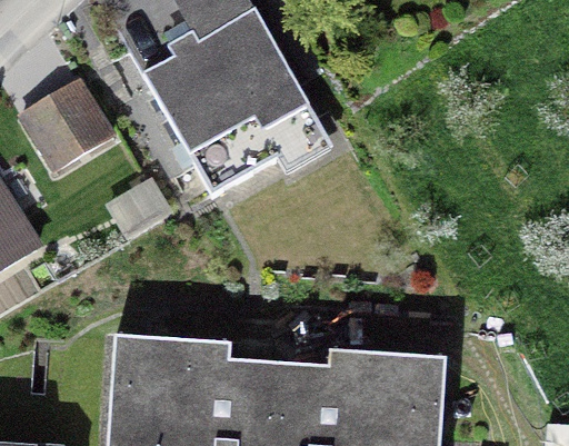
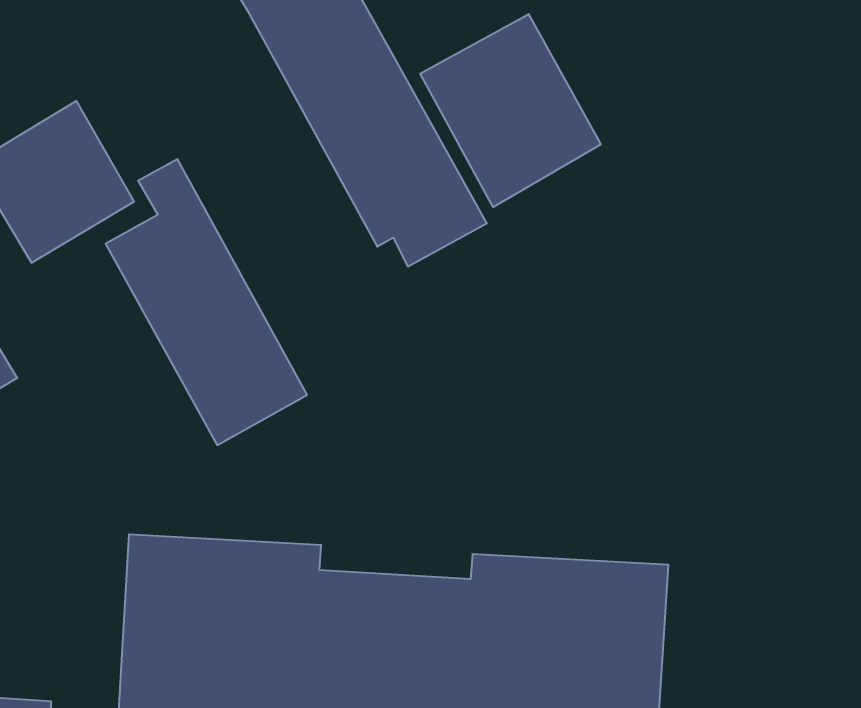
building: [140,13,264,190] -> [106,159,307,445]
building: none -> [420,14,601,207]

